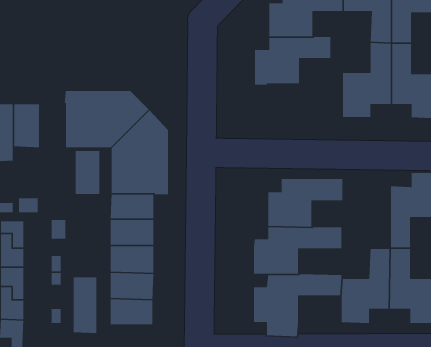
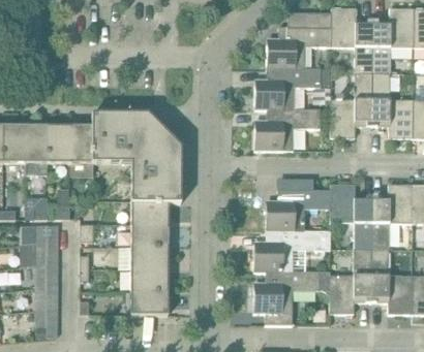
building: none -> [254,108,320,151]
building: [75,150,100,195] -> [70,125,92,163]
building: none -> [330,184,371,249]
building: [73,276,97,334] -> none

